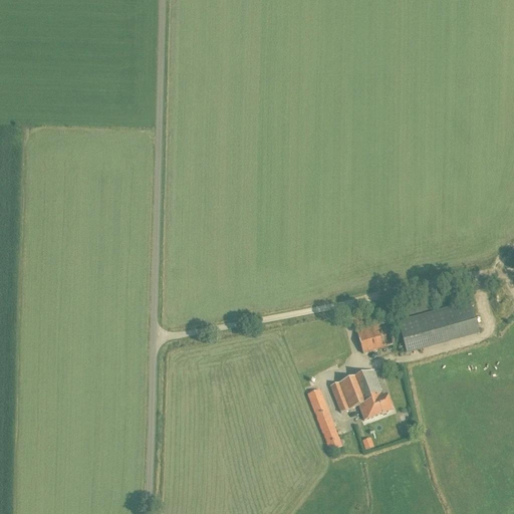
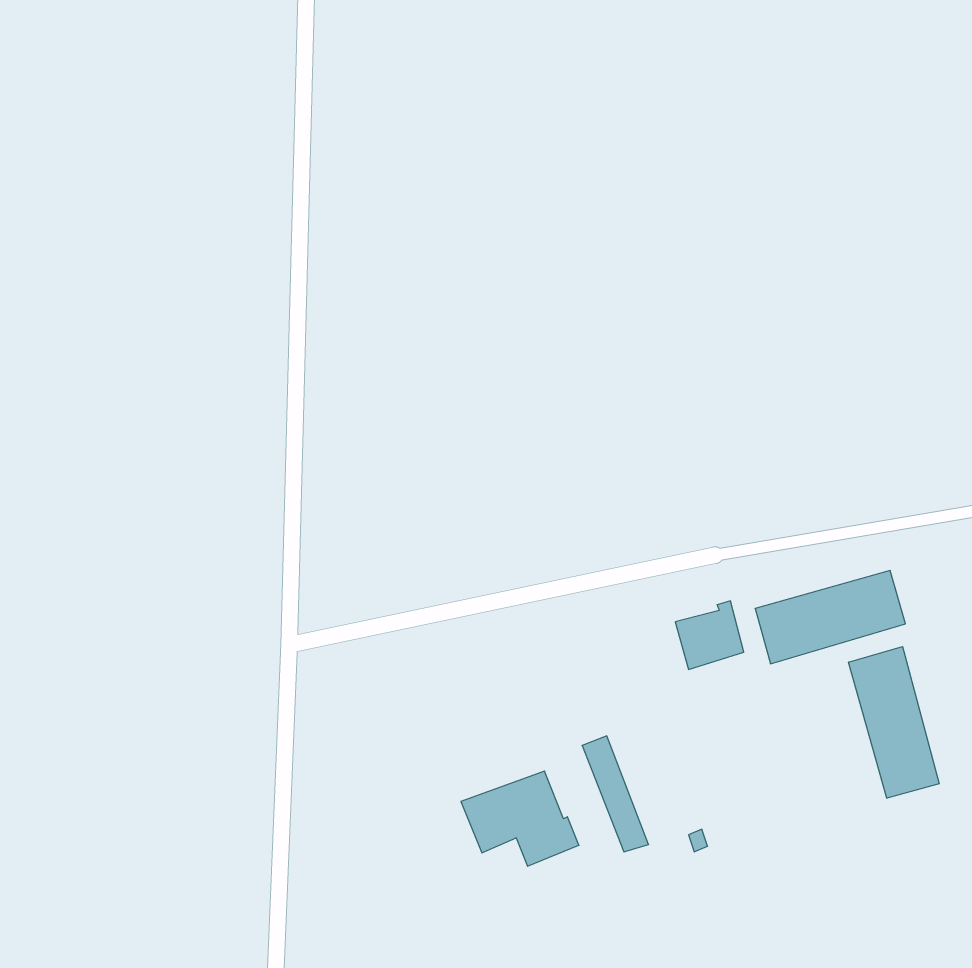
building: none -> [849,647,939,798]
building: [330,369,393,420] -> [461,771,579,866]

